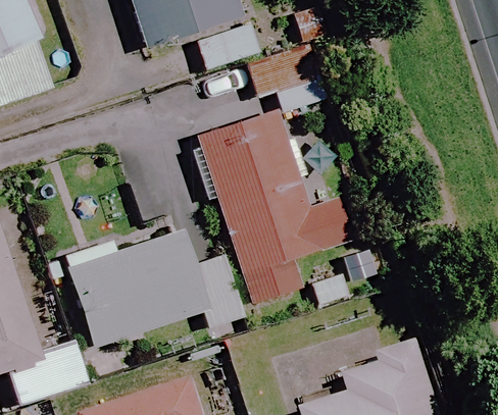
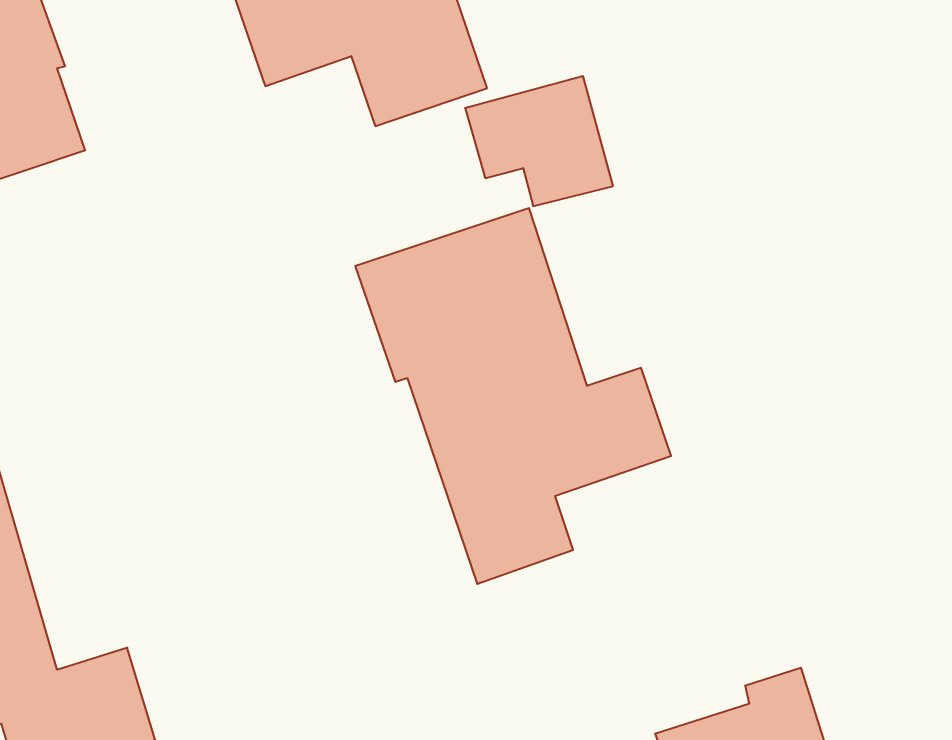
building: [65,222,206,345] -> none

